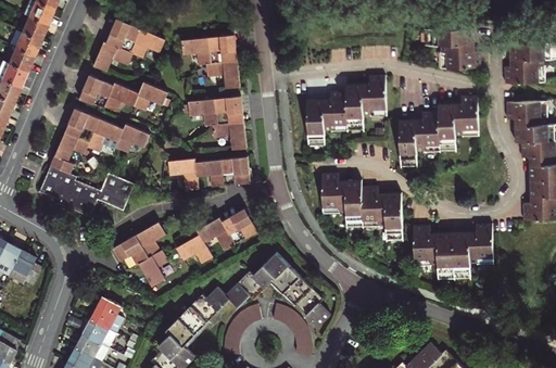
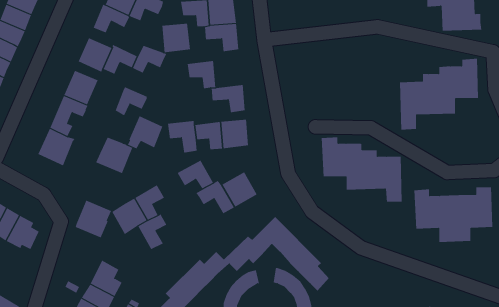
building: [305,76,386,145] -> none
building: [214,96,243,125] -> [162,23,191,53]
building: [87,117,123,151] -> [127,115,163,149]
building: [63,179,100,217] -> [75,200,112,238]
building: [175,234,212,264] -> [177,160,214,189]

